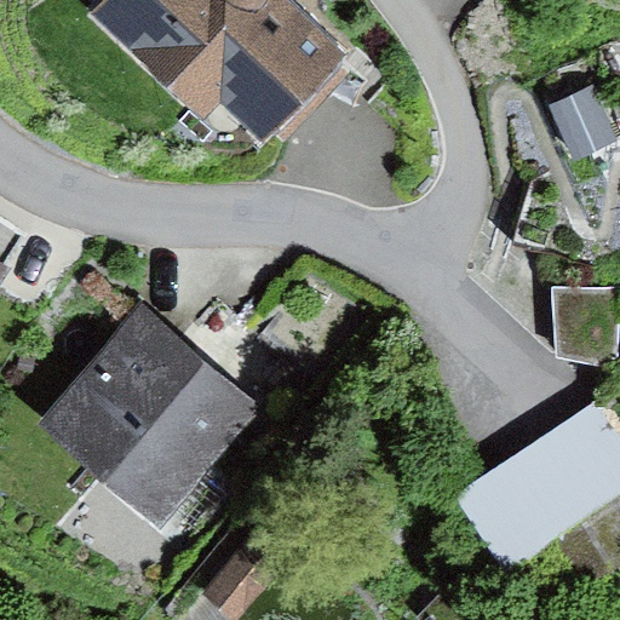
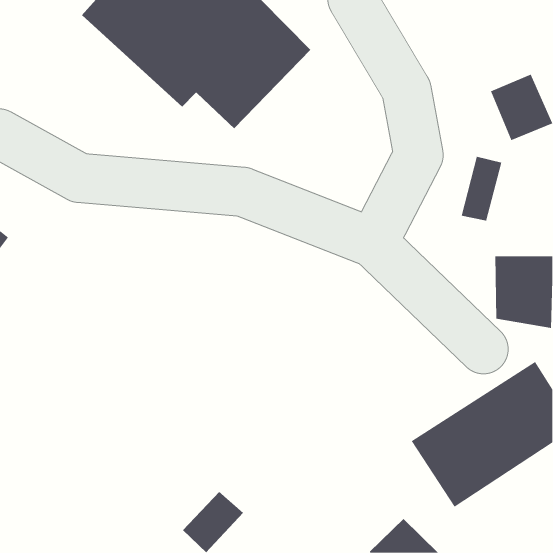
building: [38,306,258,527] -> none

